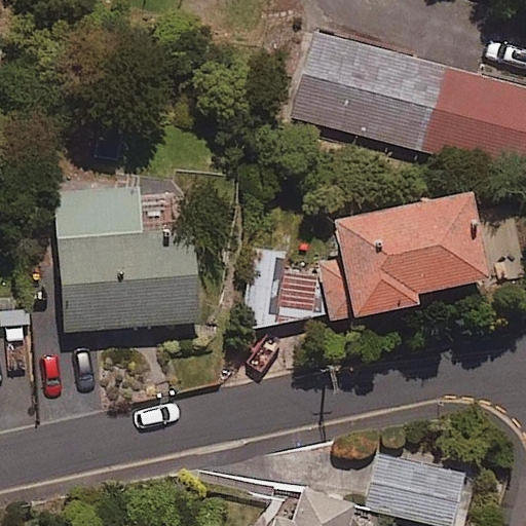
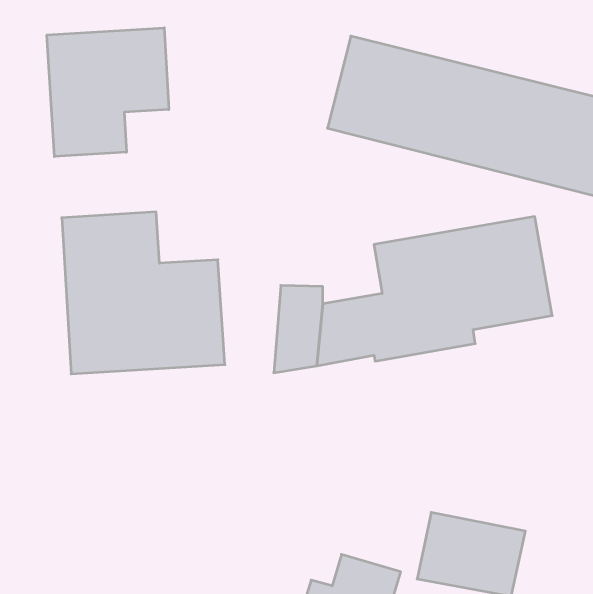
building: none -> [47,28,169,157]

